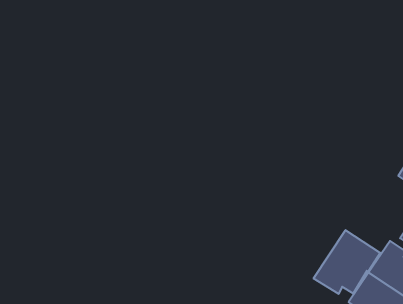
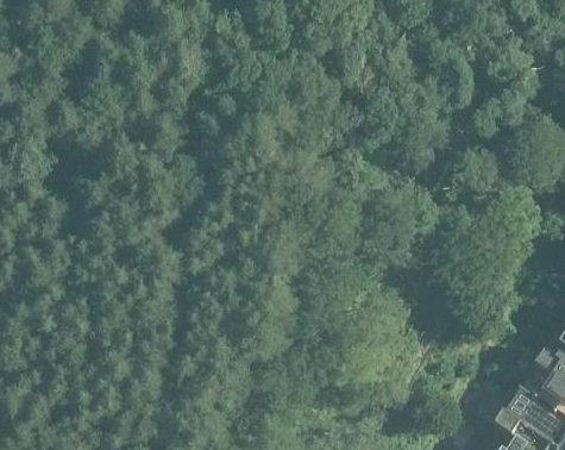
building: [314,230,380,294] -> none

